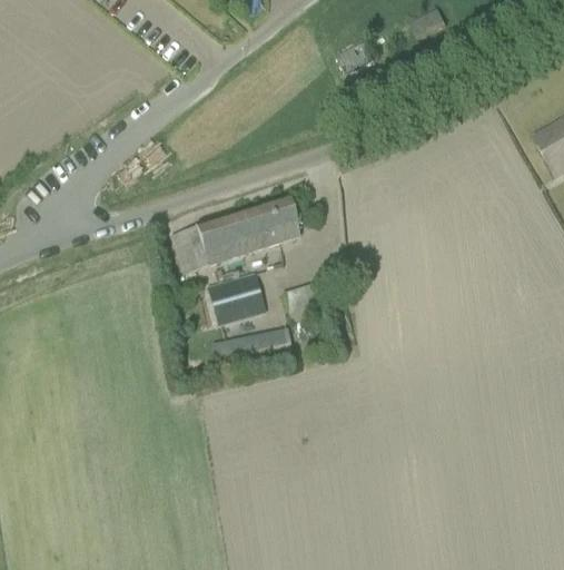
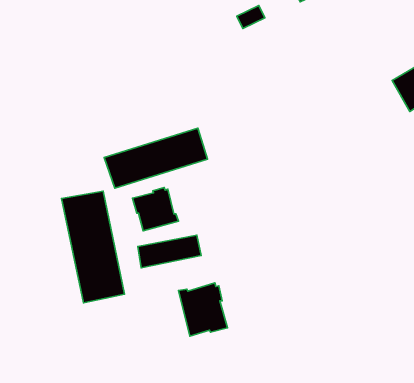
building: none -> [62,191,124,303]
building: none -> [178,283,227,336]

